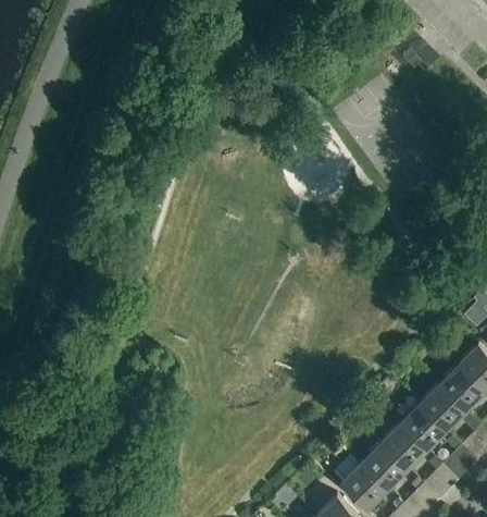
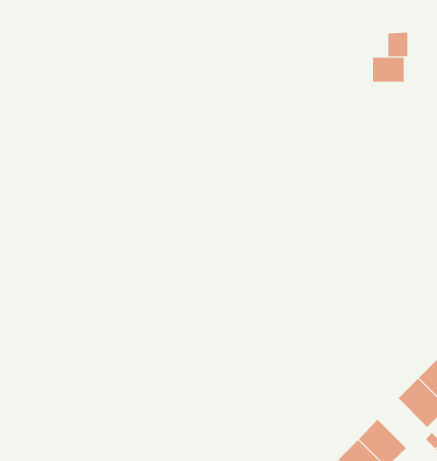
building: none -> [373,57,404,82]
building: [399,404,447,452] -> none

